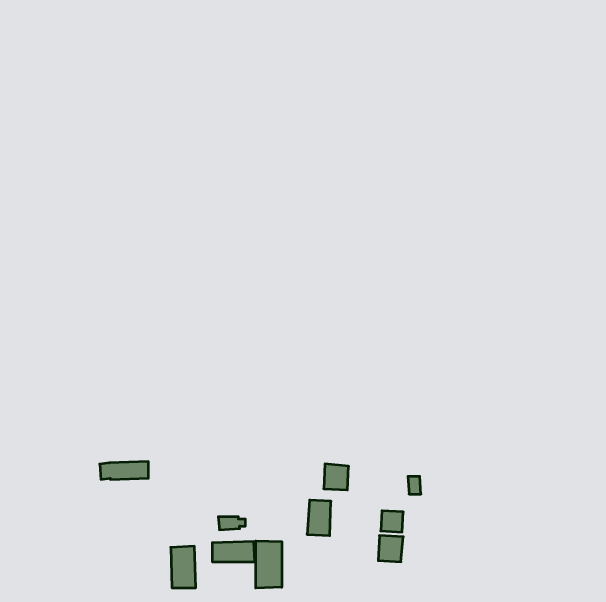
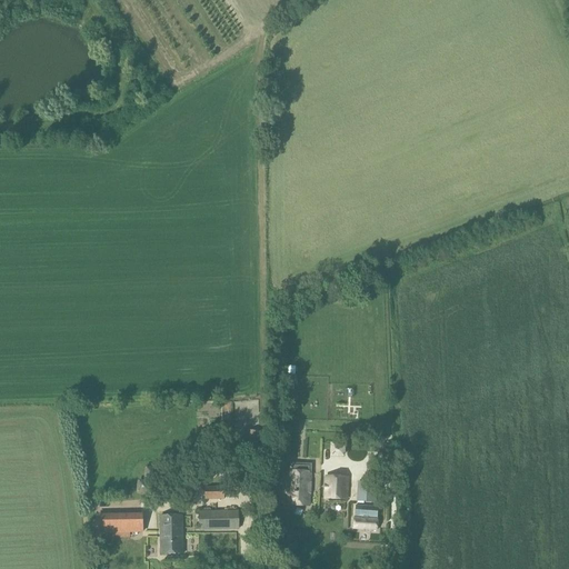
building: [100,462,148,479] -> [97,513,142,530]
building: [324,464,349,490] -> [325,472,348,497]
building: [256,541,282,588] -> none

